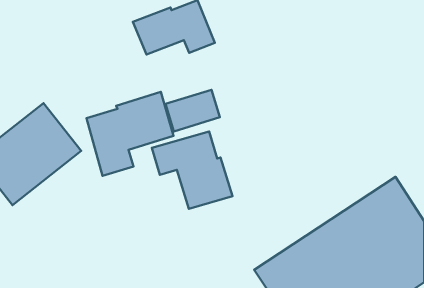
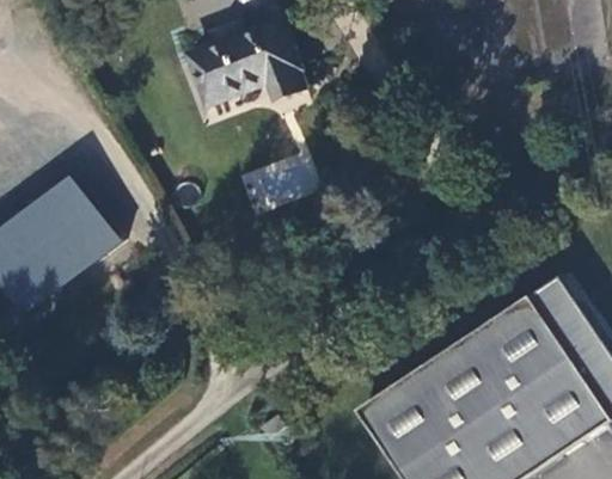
building: [86,92,173,176] -> none
building: [152,132,232,209] -> none

